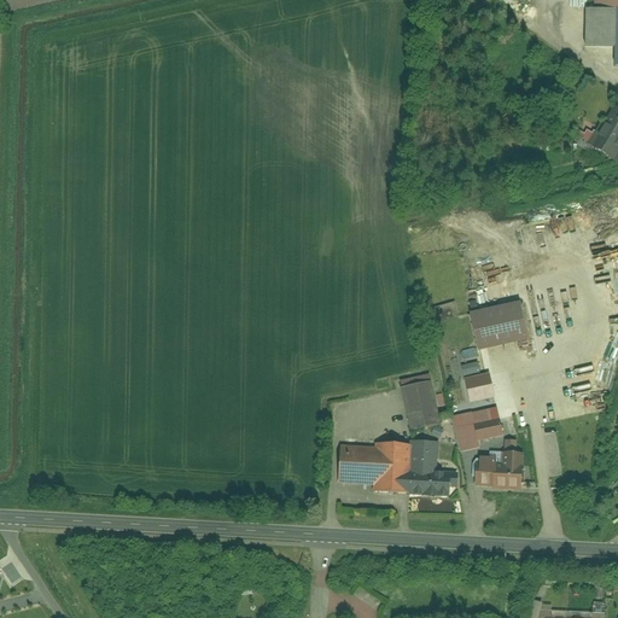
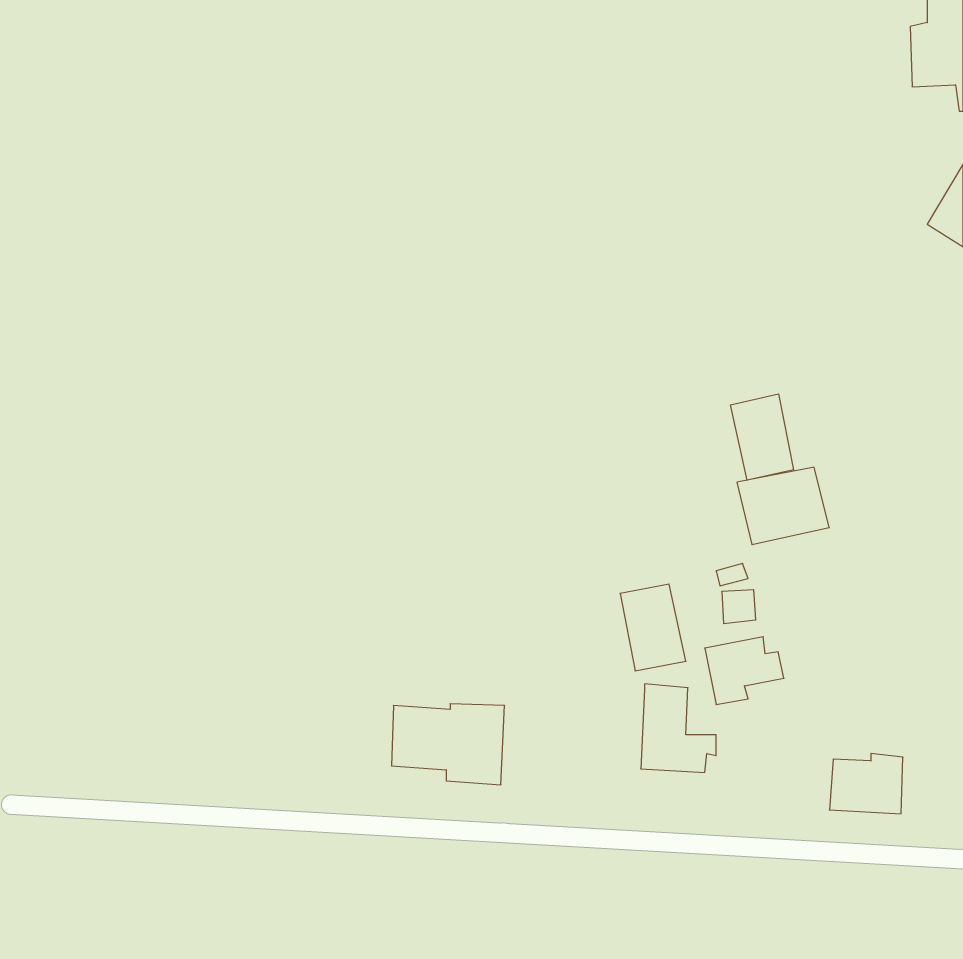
building: none -> [731,394,794,480]
building: [340,441,413,492] -> [392,704,505,785]
building: [478,450,525,489] -> [829,753,903,814]

